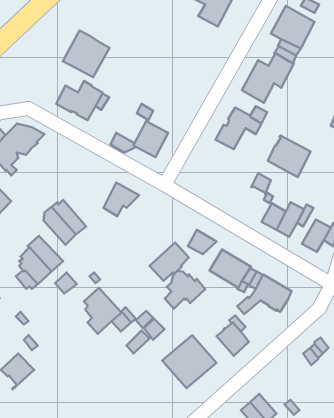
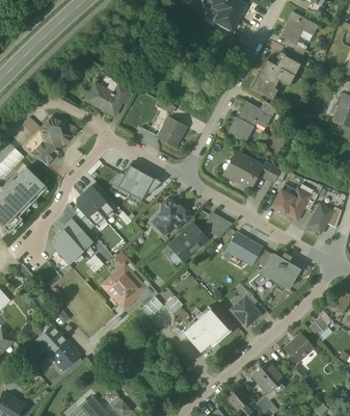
building: [63,30,109,77] -> none
building: [268,135,311,177] -> [224,151,263,188]
building: none -> [109,165,140,193]
building: [165,271,205,309] -> [156,200,192,234]
building: none -> [285,332,314,361]
building: none -> [47,339,80,369]

